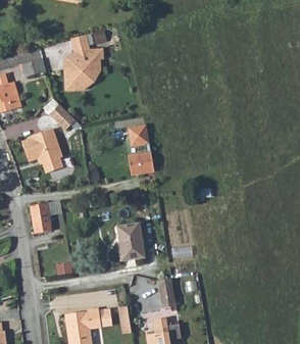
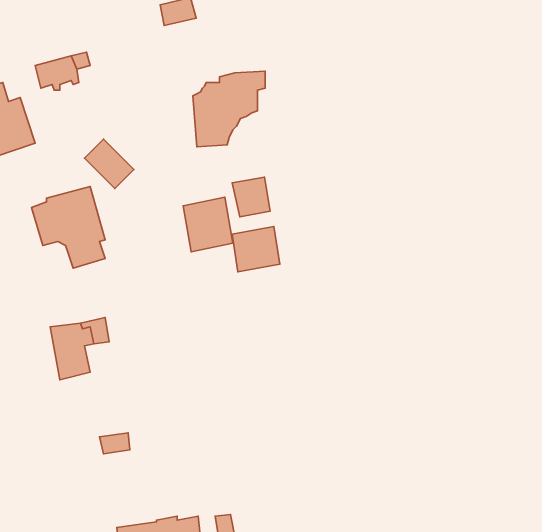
building: [64,49,103,90] -> [193,71,265,147]
building: none -> [183,197,233,252]
building: [116,222,144,260] -> none
building: [157,278,176,307] -> none

